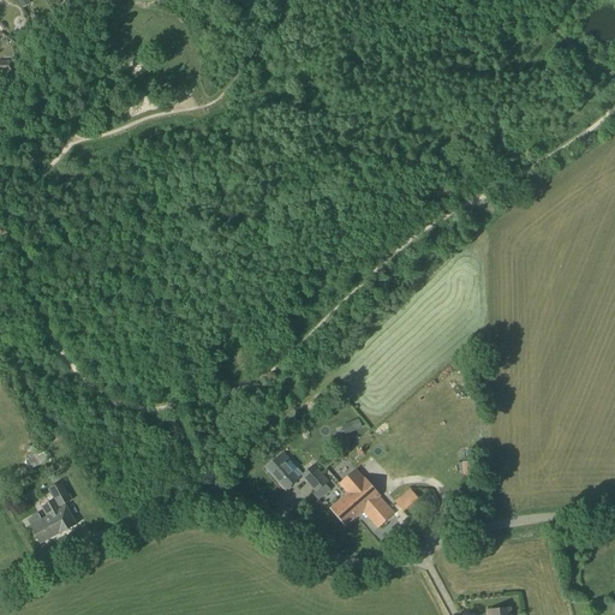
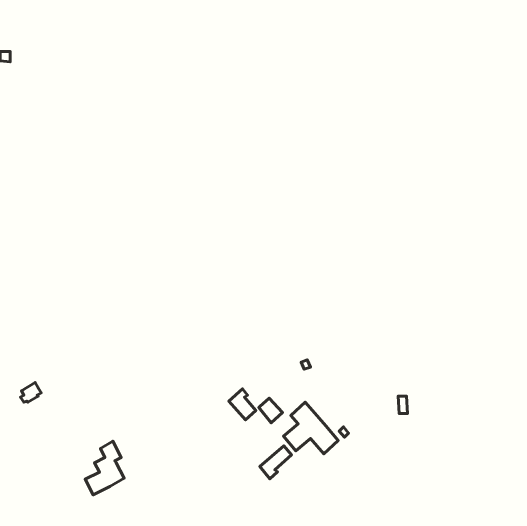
building: [30,480,76,543] -> [85,441,124,495]
building: none -> [260,446,292,479]

